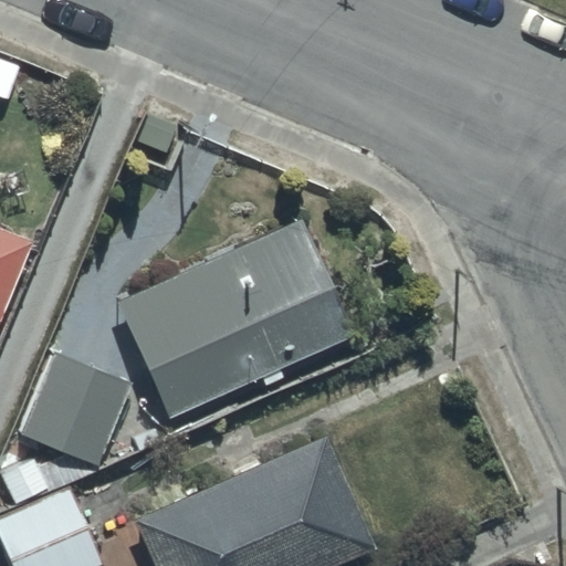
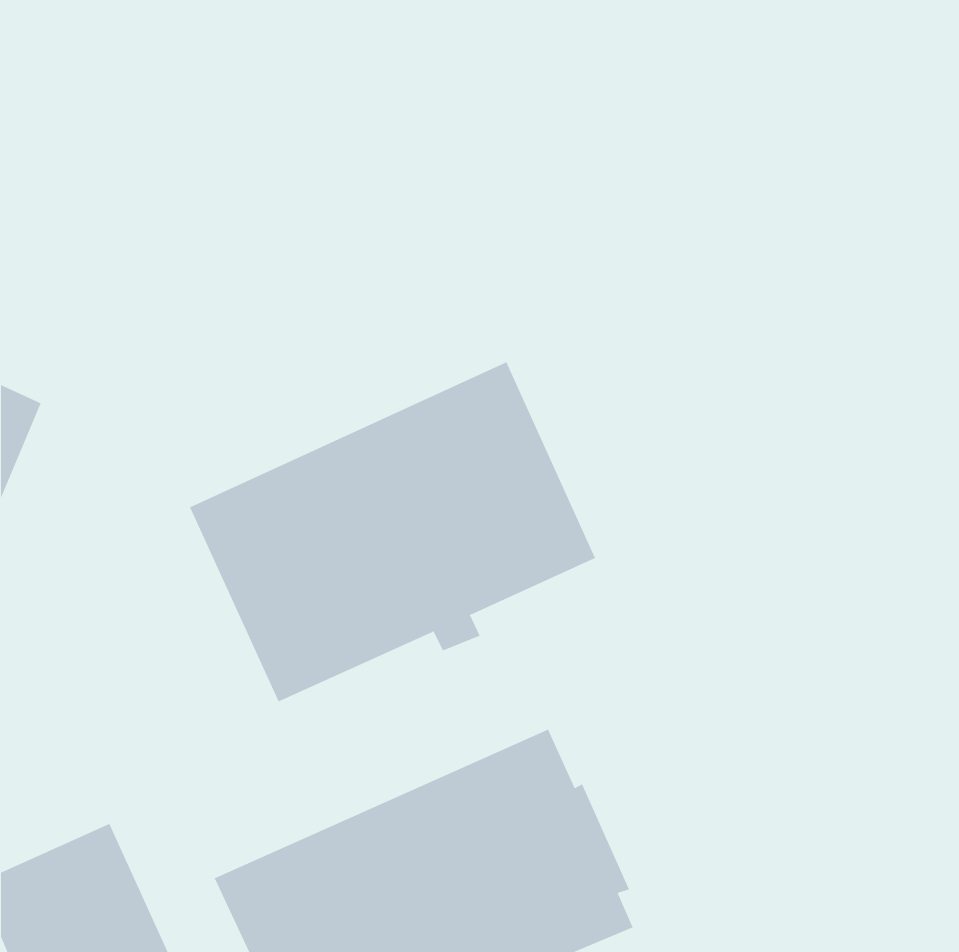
building: [17,353,134,469] -> none

